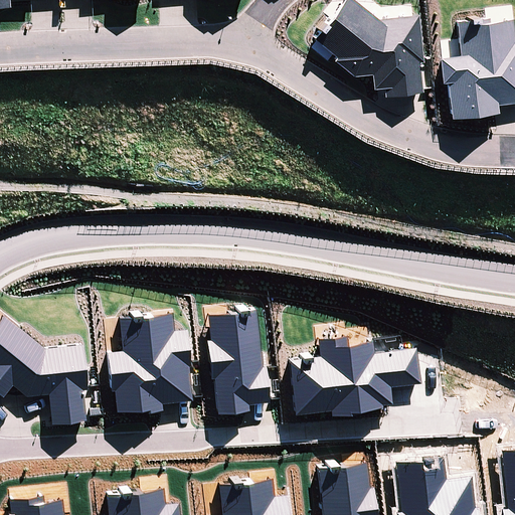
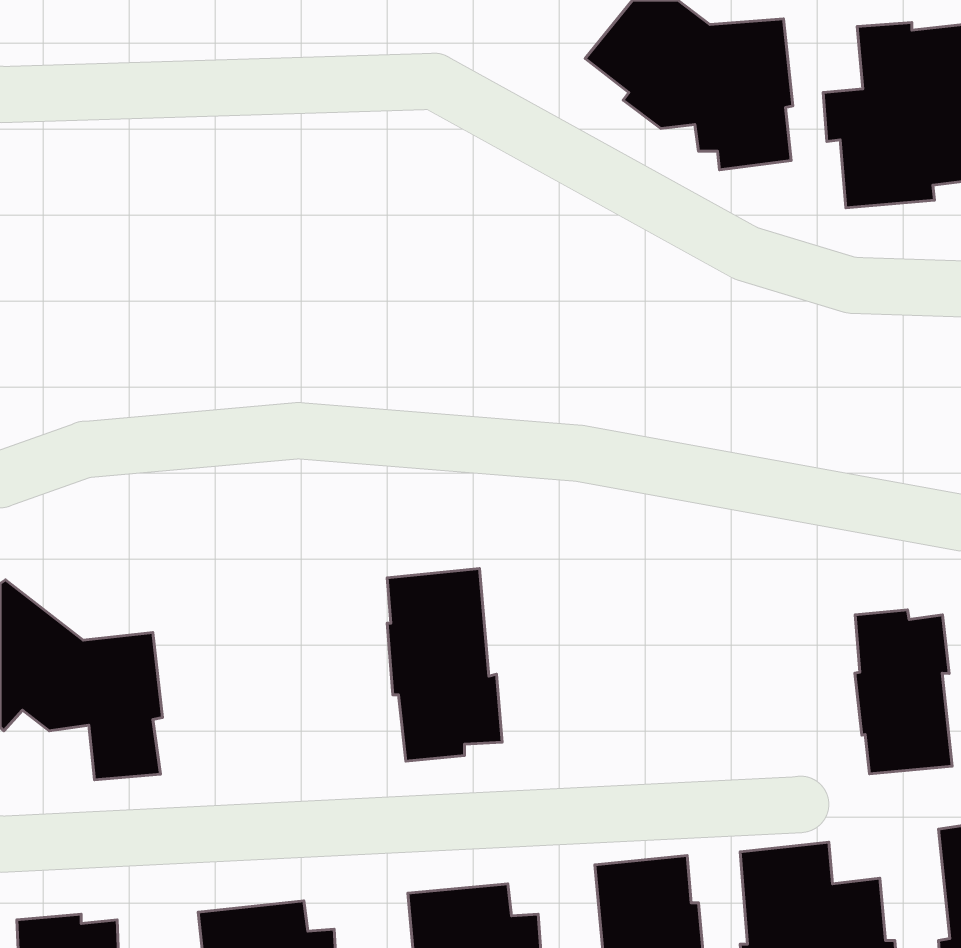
building: [109,315,193,414] -> none
building: none -> [855,610,952,774]
building: [290,337,420,414] -> none

